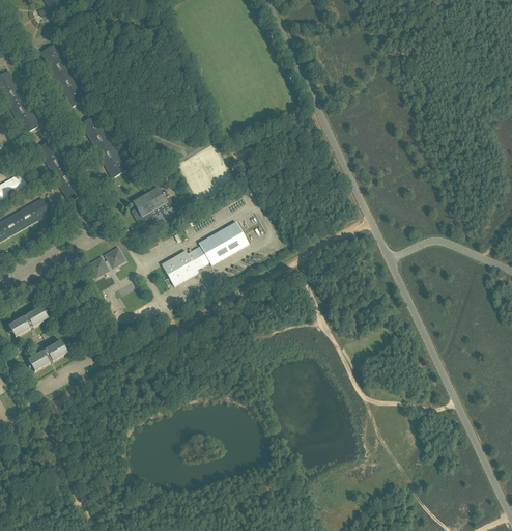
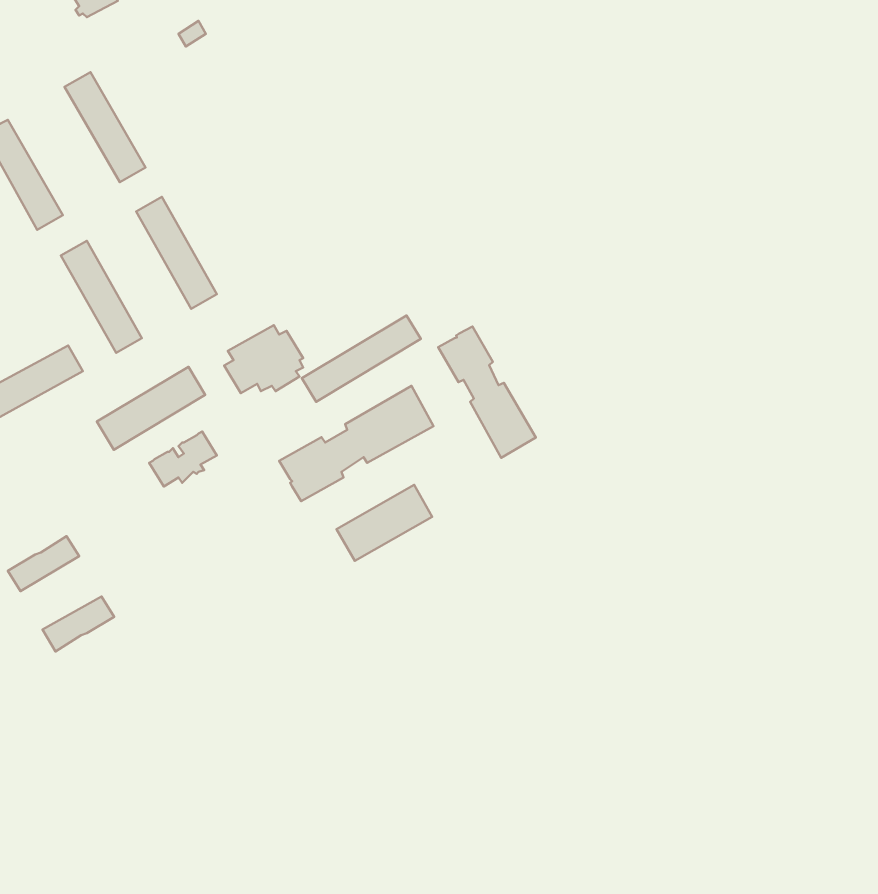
building: none -> [302,315,421,402]
building: none -> [438,327,536,458]
building: none -> [97,367,205,450]
building: none -> [337,485,432,561]

